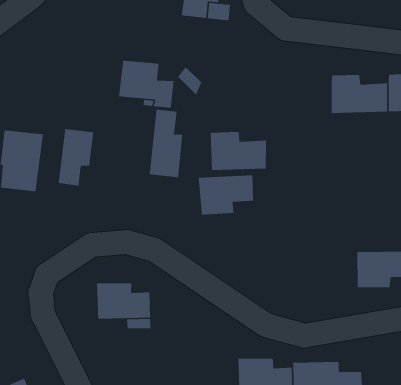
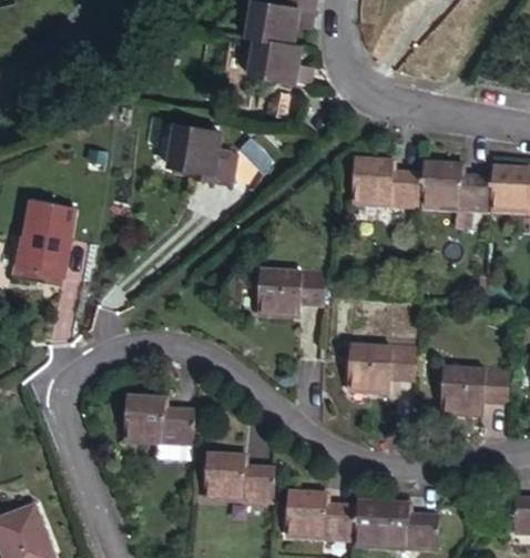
building: [149,109,183,178] -> none
building: [58,128,94,187] -> none
building: [210,131,267,171] -> [354,155,422,204]
building: none -> [349,348,417,395]
building: none -> [206,456,273,503]

